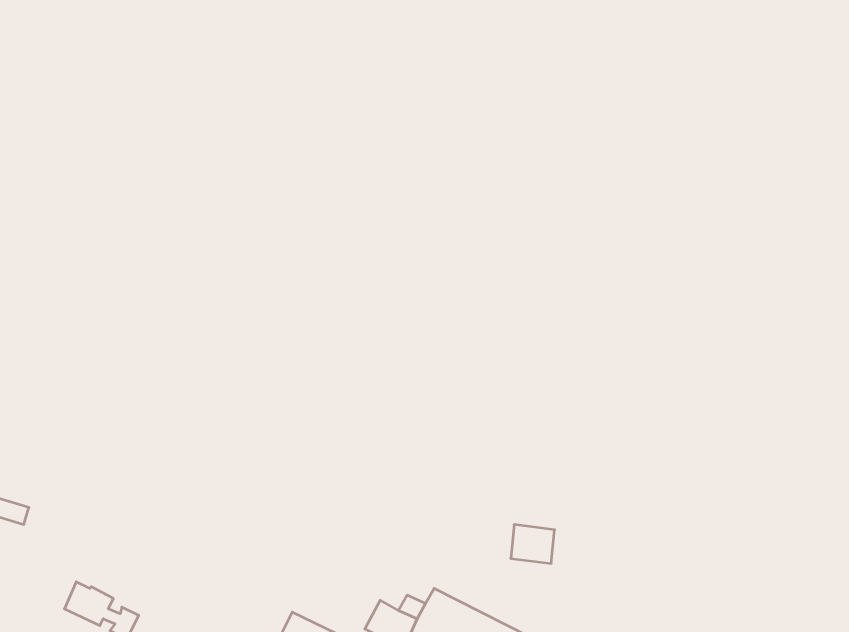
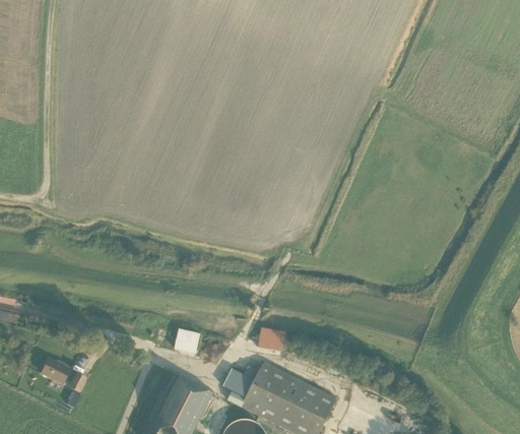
building: [511,525,555,563] -> [260,328,286,352]
building: none -> [175,329,202,354]

